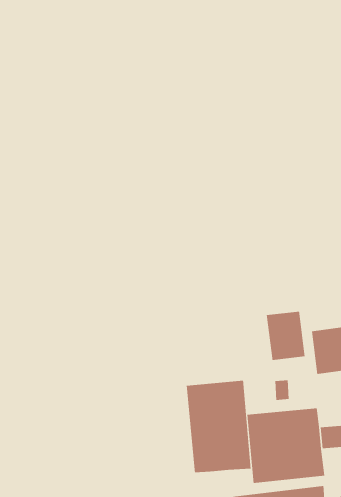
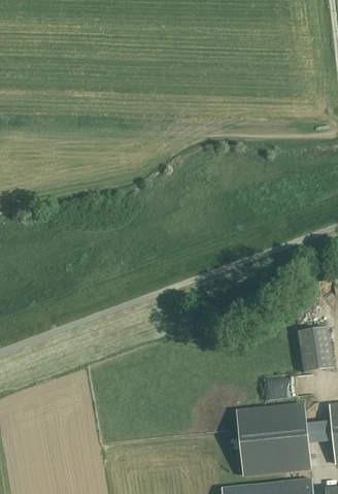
building: [266,311,305,361] -> none
building: [186,380,251,473] -> none

